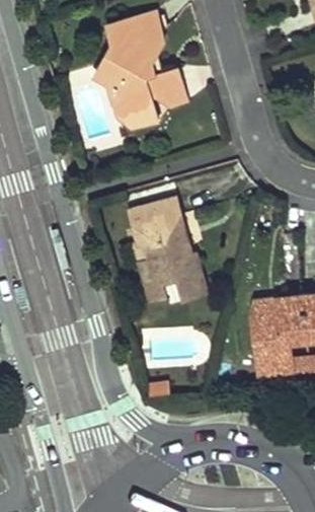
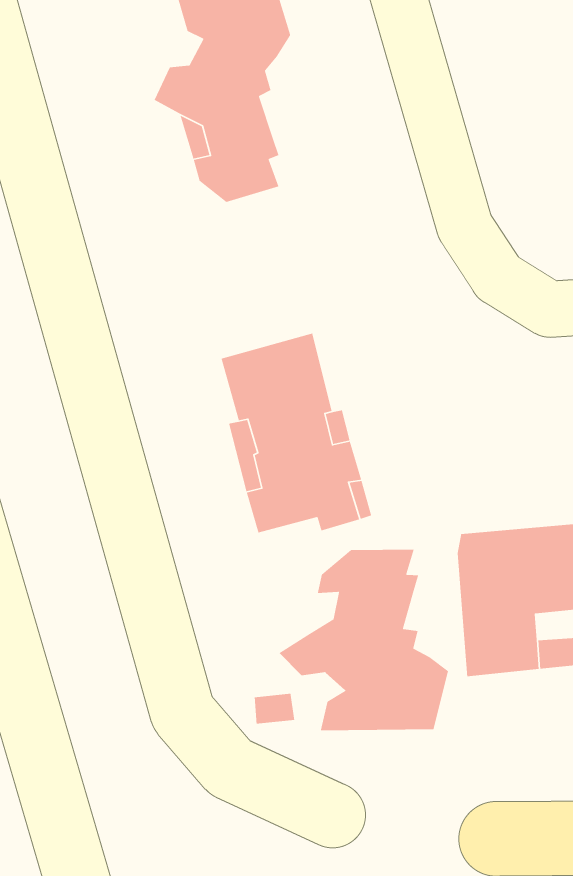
building: [149,55,185,106] -> none
building: none -> [279,549,449,731]

